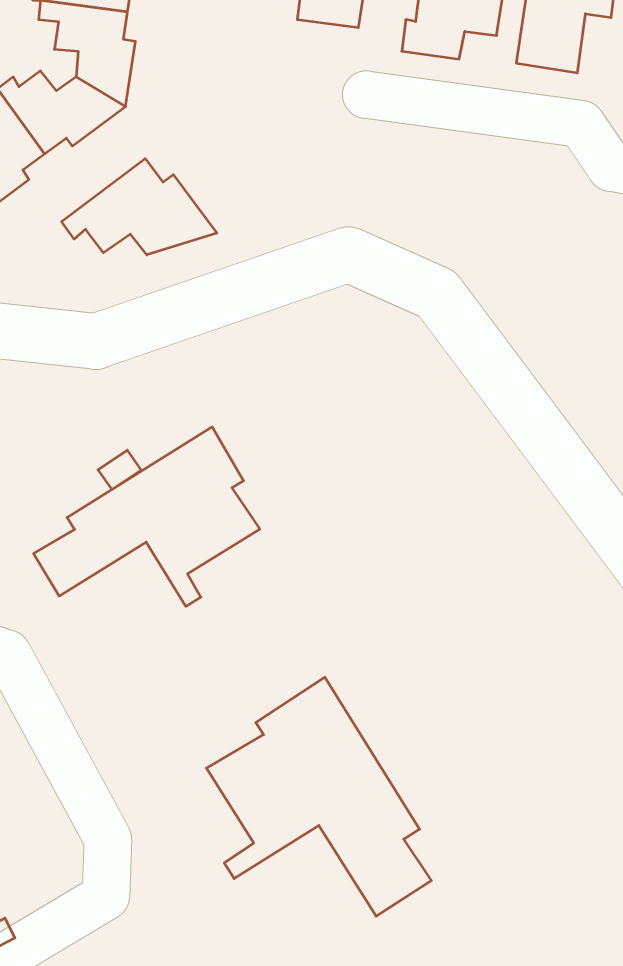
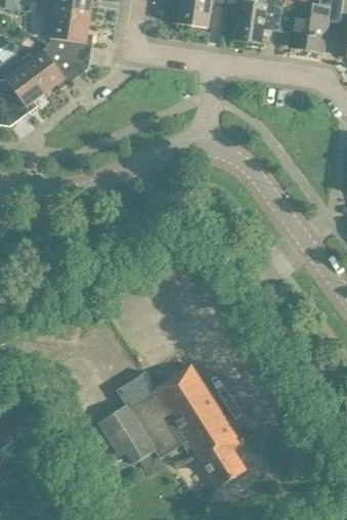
building: [62,159,217,255] -> none
building: [34,427,260,606] -> none
building: none -> [99,371,159,463]

